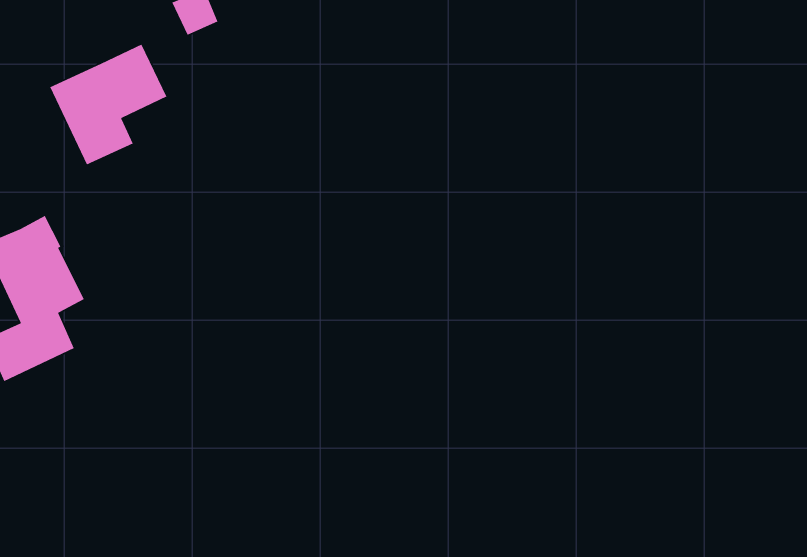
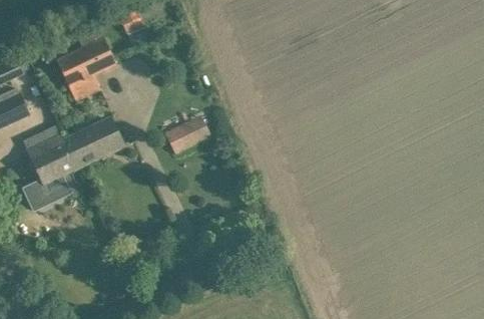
building: none -> [164,114,210,153]
building: none -> [61,119,122,169]

